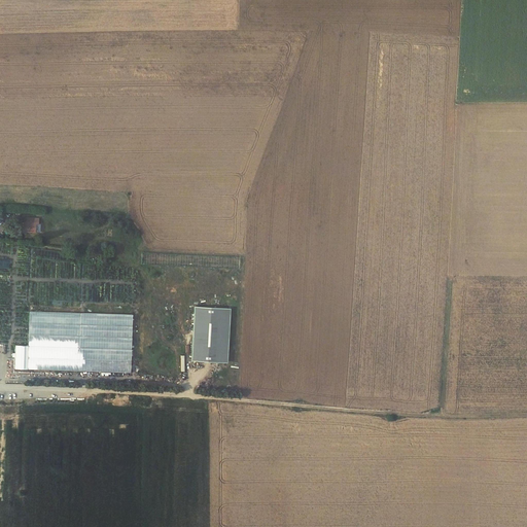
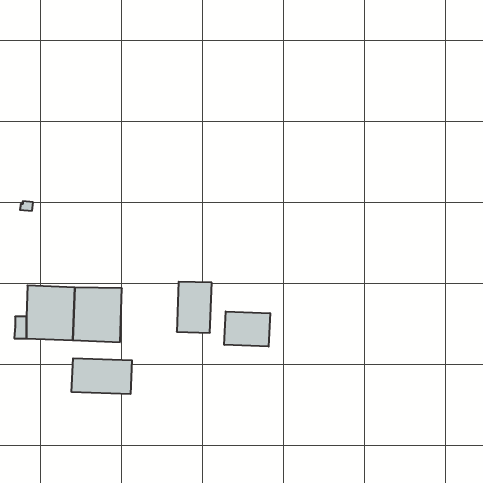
building: none -> [224,311,270,347]
building: none -> [72,358,132,394]

